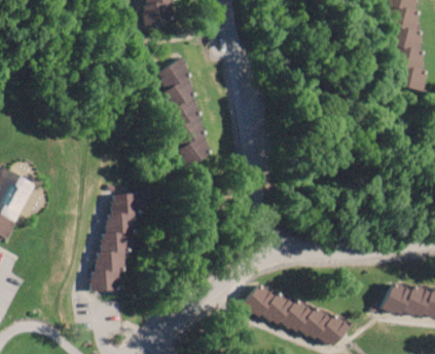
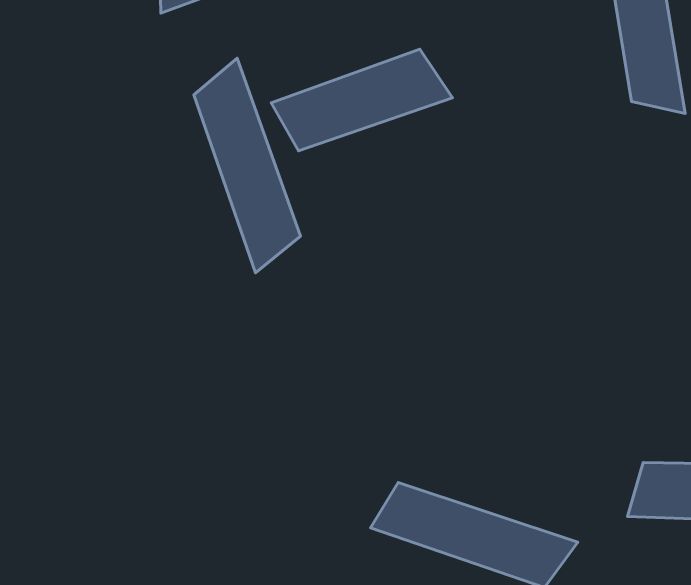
building: none -> [271,49,453,151]
building: [92,188,145,289] -> none

